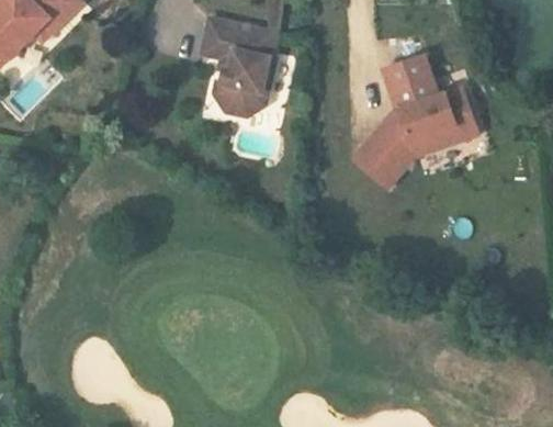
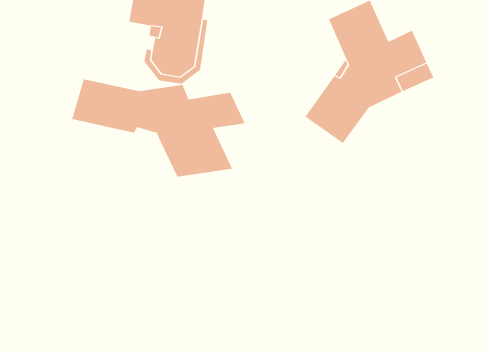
building: none -> [71,79,245,177]

